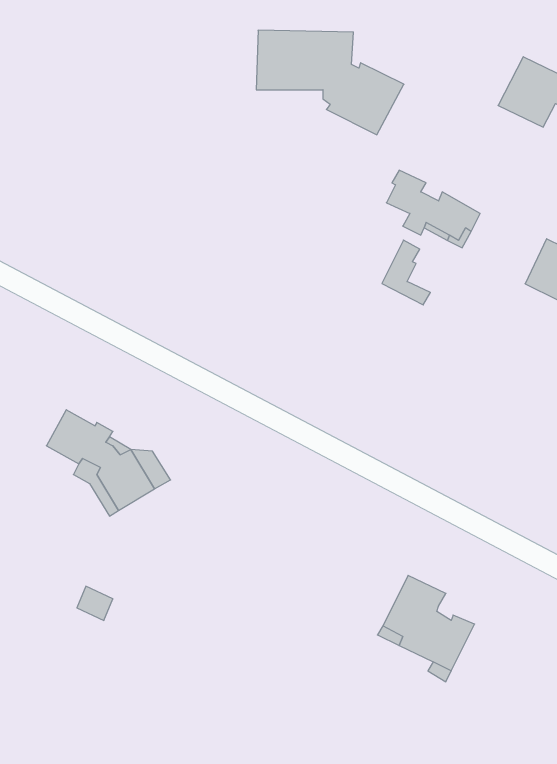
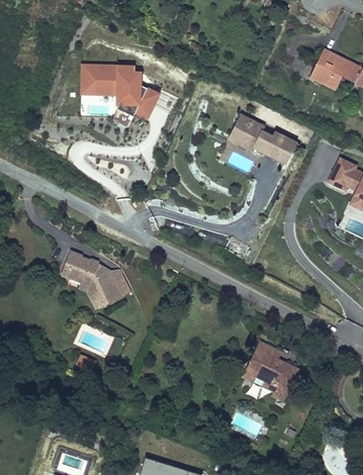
building: [256,30,404,135] -> [78,61,161,119]
building: [382,240,430,305] -> [235,110,262,147]

